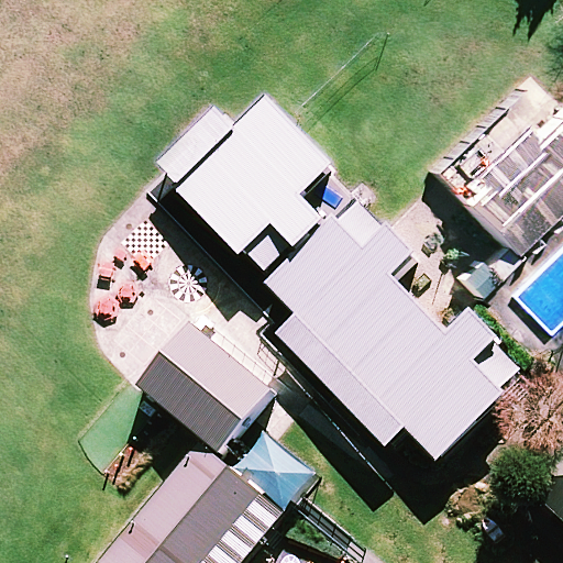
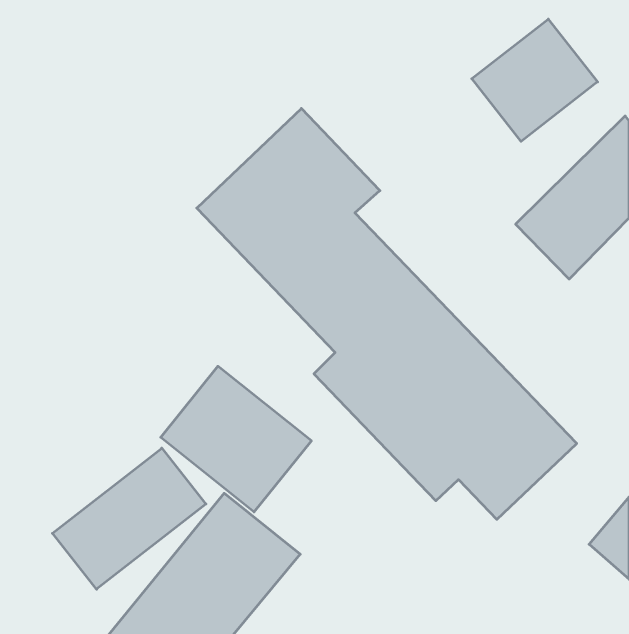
building: none -> [472,19,598,141]
building: none -> [52,448,206,589]

